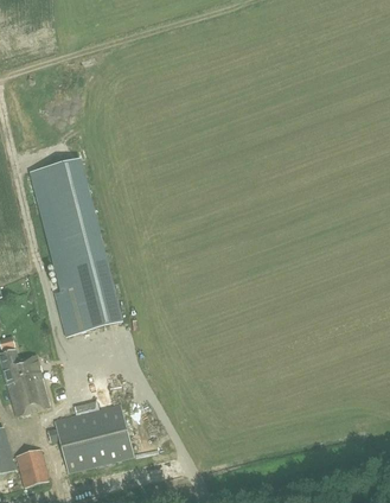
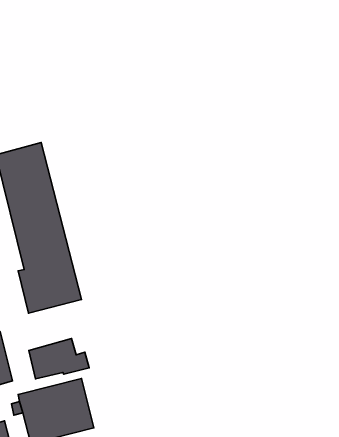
building: none -> [29,338,89,379]

